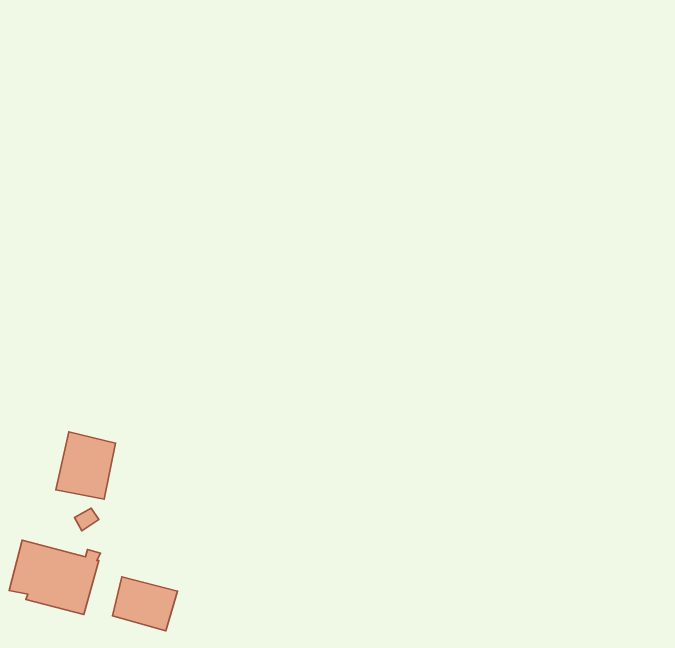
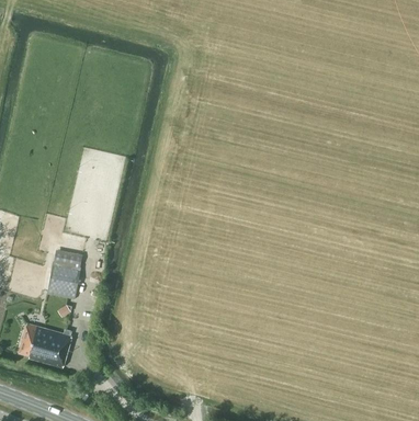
building: [112,577,178,631] -> none

